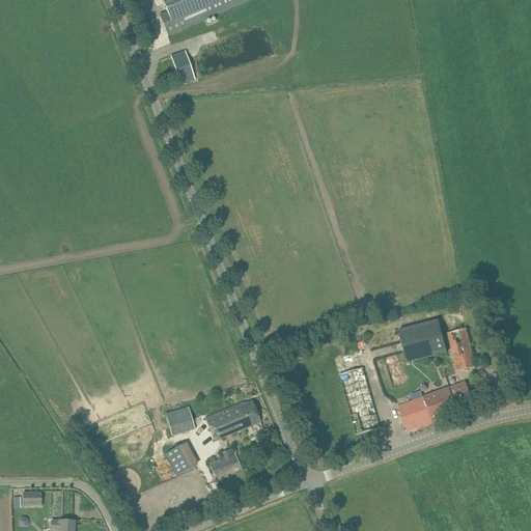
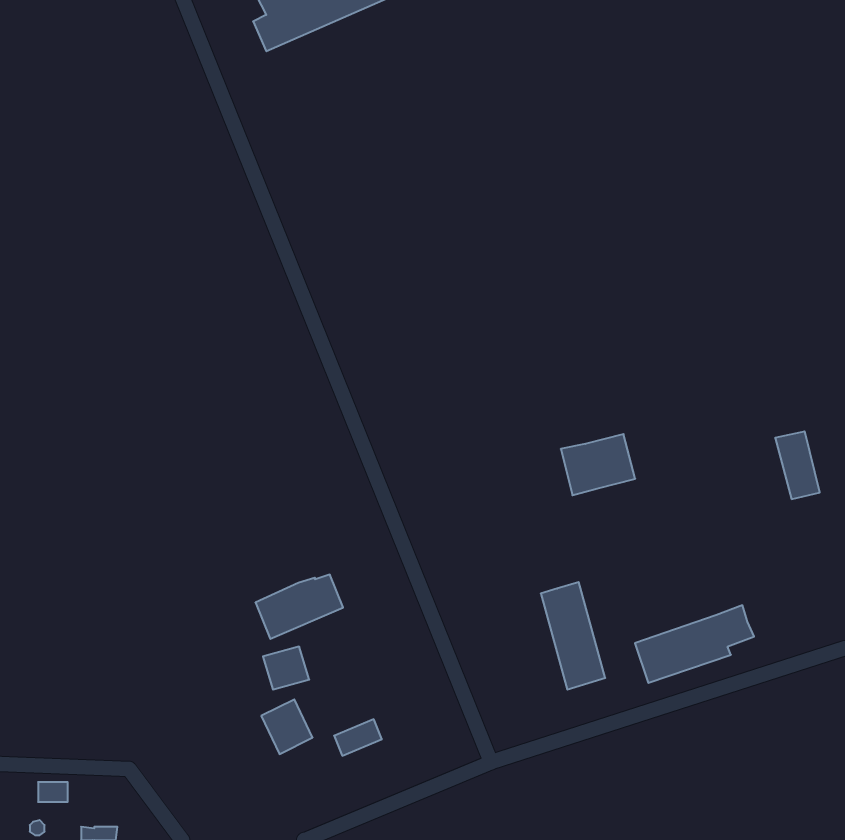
building: [170,49,194,81] -> none
building: [399,322,446,360] -> [561,434,635,495]
building: [447,326,475,368] -> [775,431,820,499]
building: [205,398,260,439] -> [255,575,343,639]

